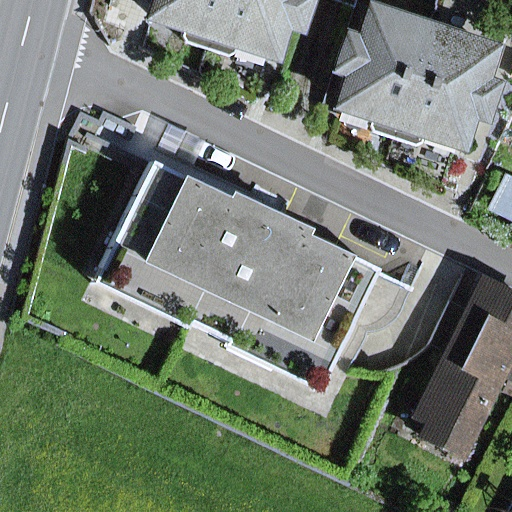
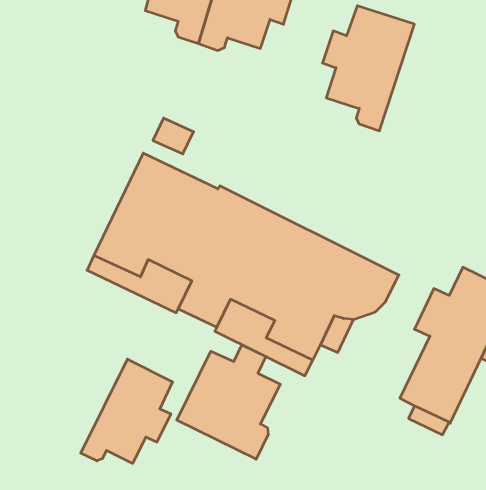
building: [401,25,500,142] -> none
building: none -> [177,345,280,459]
building: none -> [81,359,172,463]

